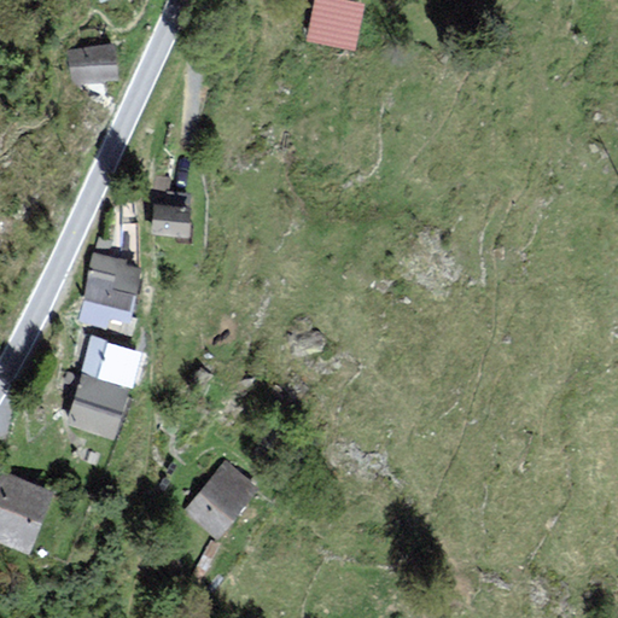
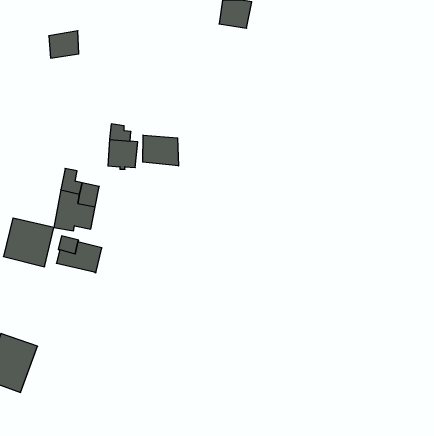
building: none -> [143,135,178,166]
building: [62,372,133,441] -> [3,218,54,267]
building: [185,460,262,541] -> none

